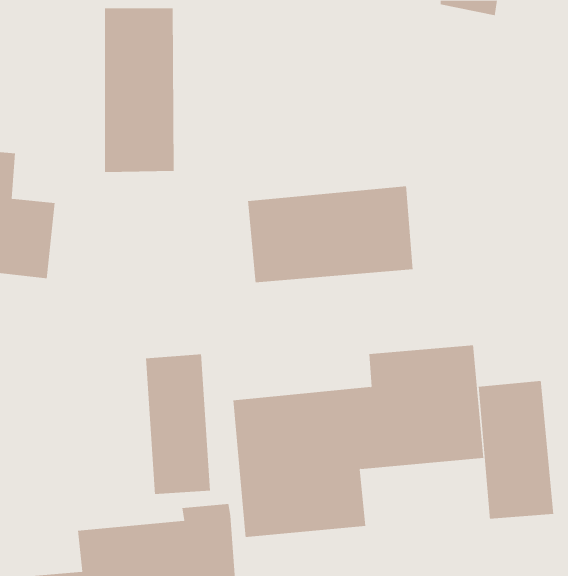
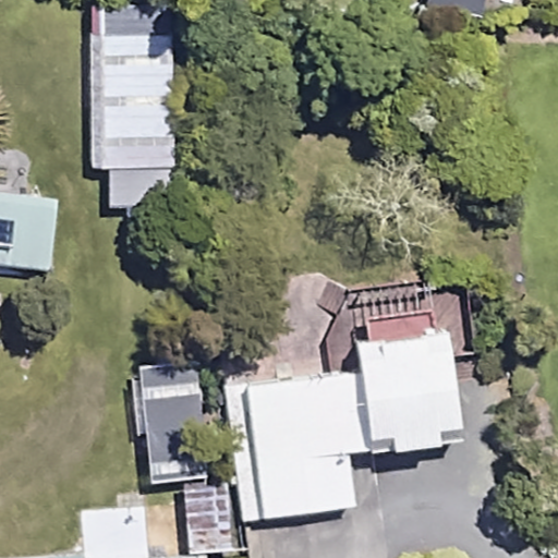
building: [247,185,413,283] -> none
building: [478,380,554,519] -> none

